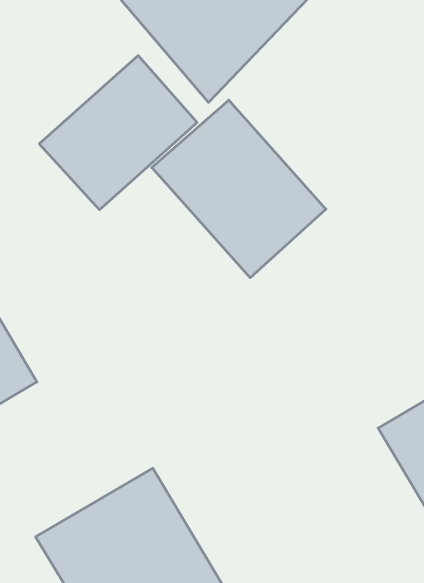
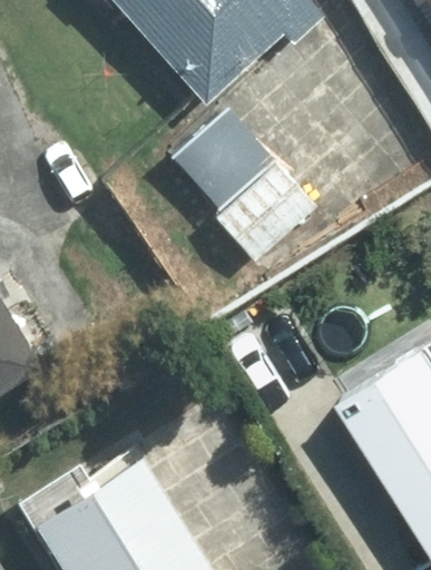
building: [39,56,197,210] -> none

